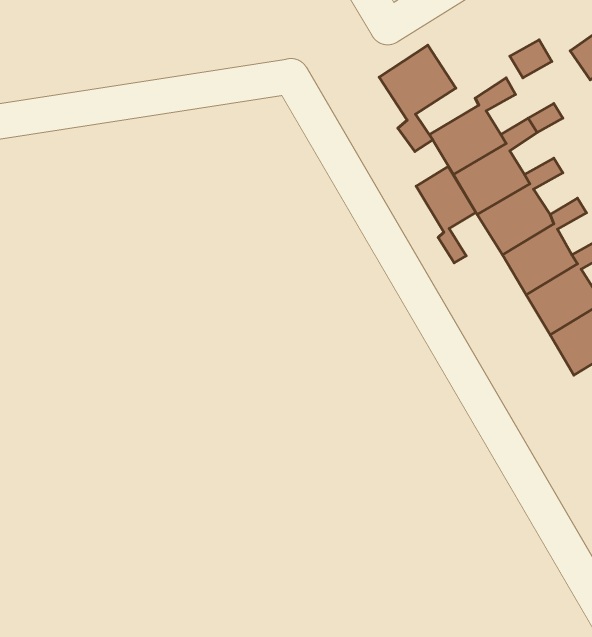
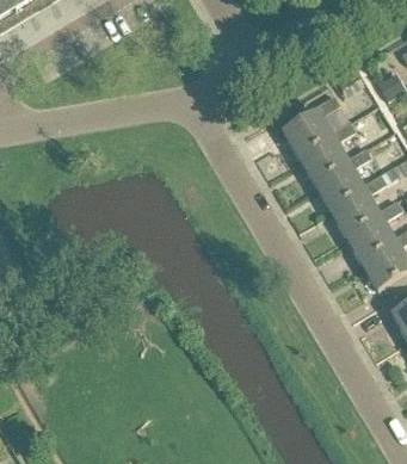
building: [379,45,456,151] -> none
building: [416,167,476,263] -> none

